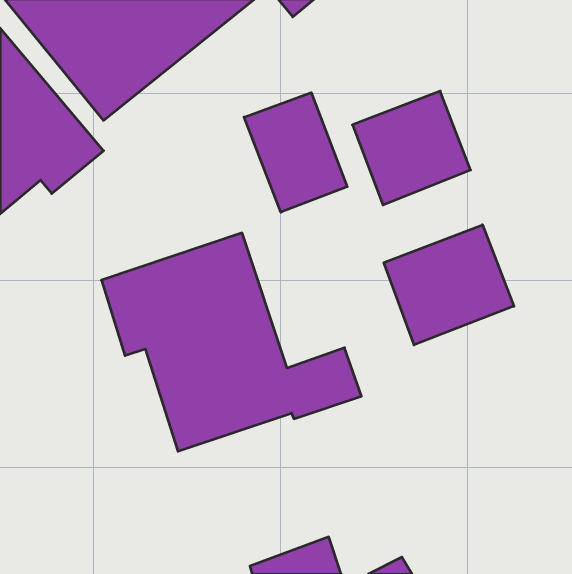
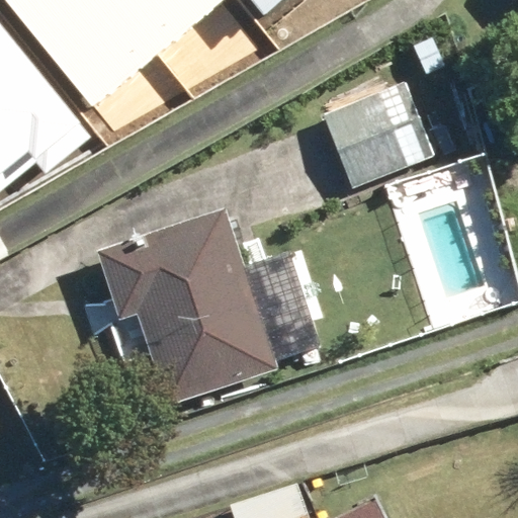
building: [244,93,347,212] -> none
building: [384,225,514,345] -> none

